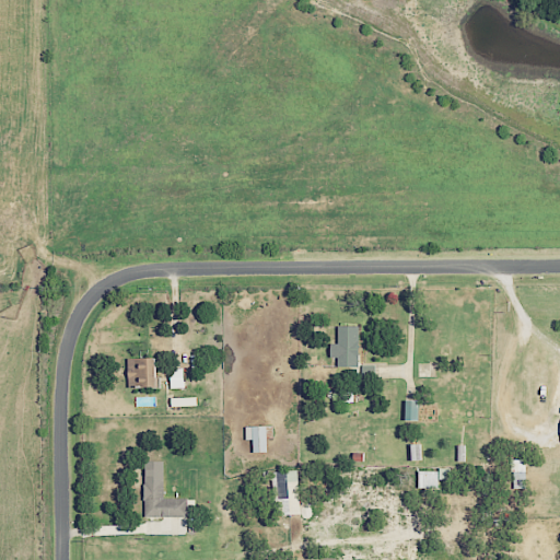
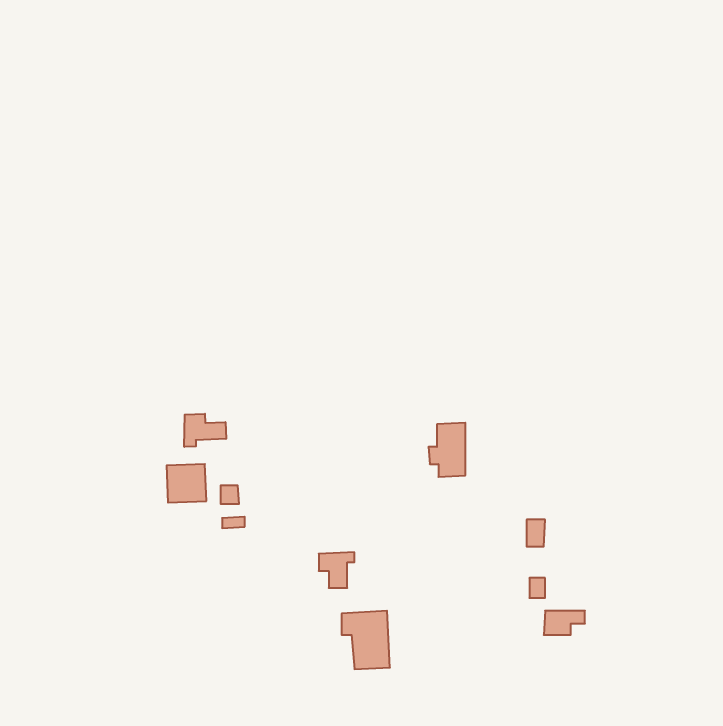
building: none -> [184,414,226,447]
building: [143,462,187,517] -> none

